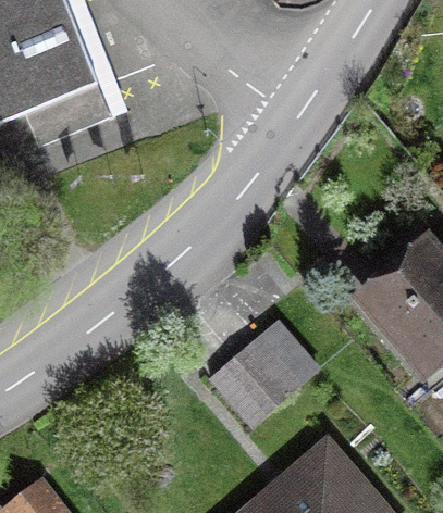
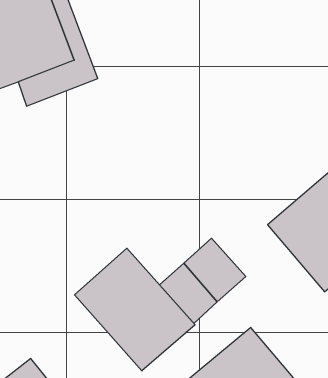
building: none -> [75,248,195,371]

